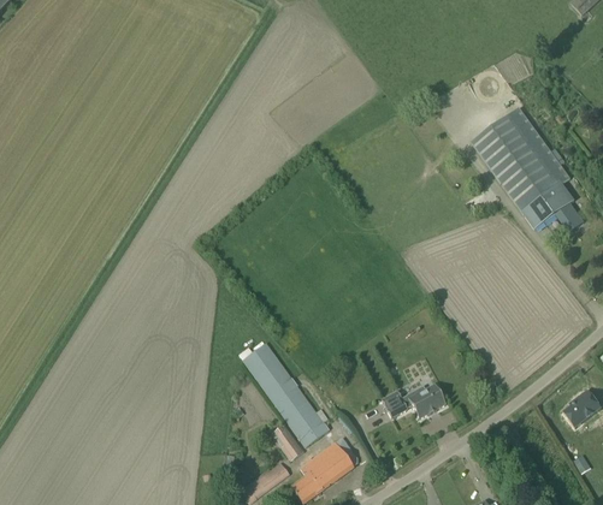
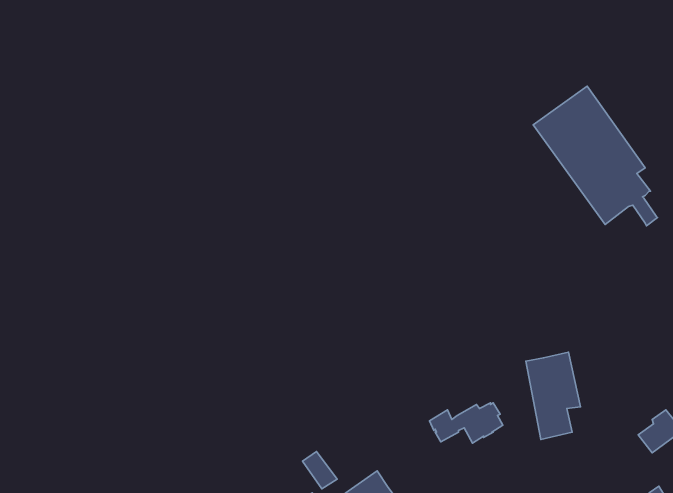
building: none -> [526,352,580,439]
building: [242,343,327,446] -> none

